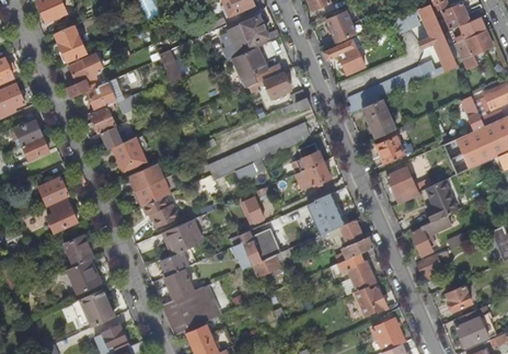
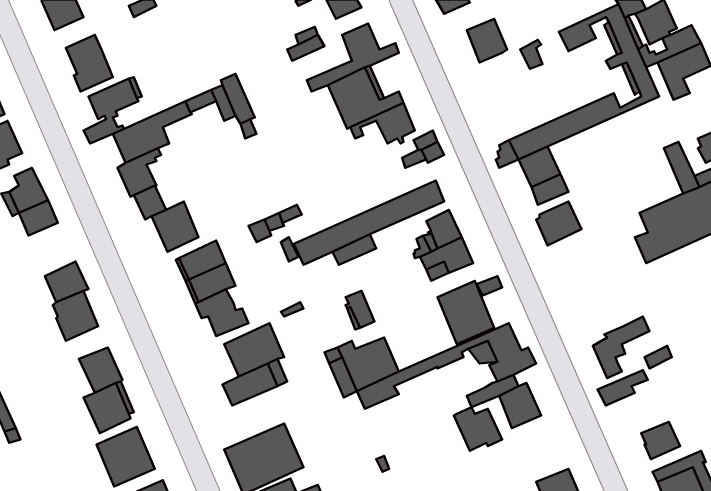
building: [322,38,363,75] -> none
building: [385,168,417,204] -> none
building: [425,181,457,221] -> none
building: [164,269,193,299] -> none
building: [355,286,388,316] -> [454,407,502,451]

